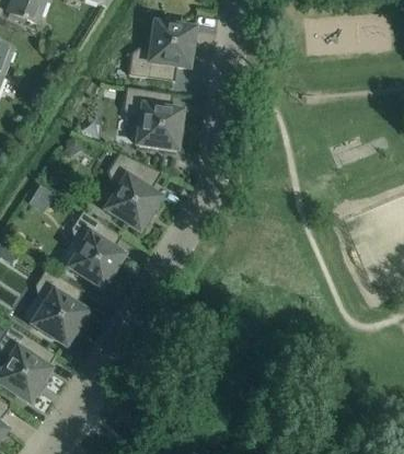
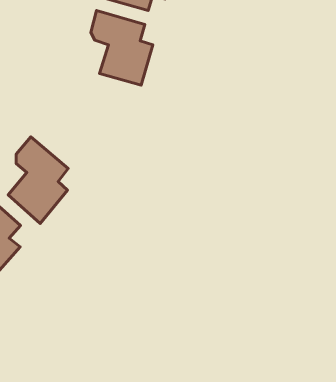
building: [105,154,161,231] -> none

